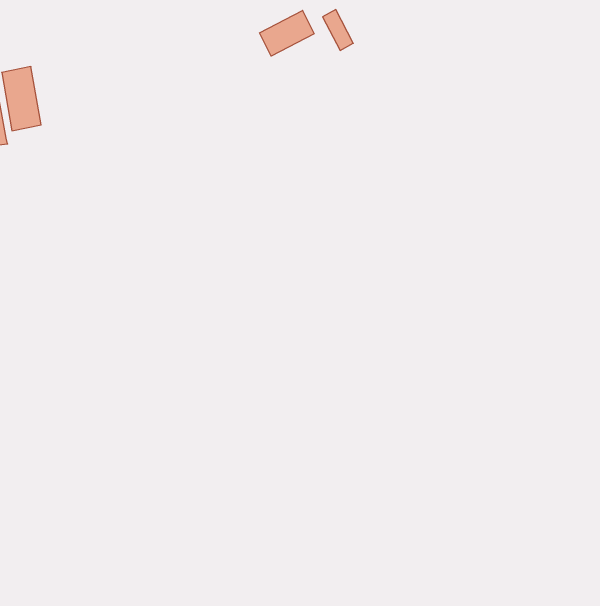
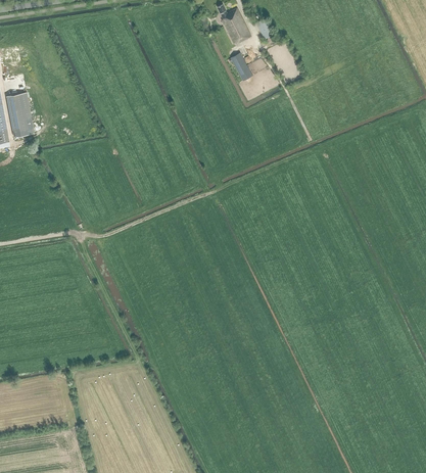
building: [260,10,314,56] -> none

